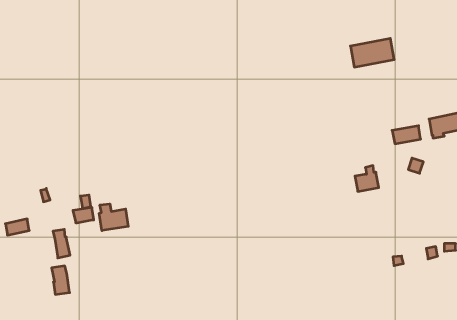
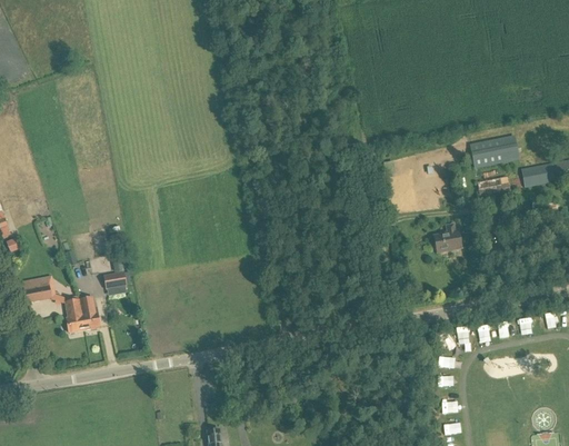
building: [350,38,394,67] -> [469,135,520,168]
building: [99,204,128,231] -> none
building: [52,266,70,294] -> [64,299,86,333]

